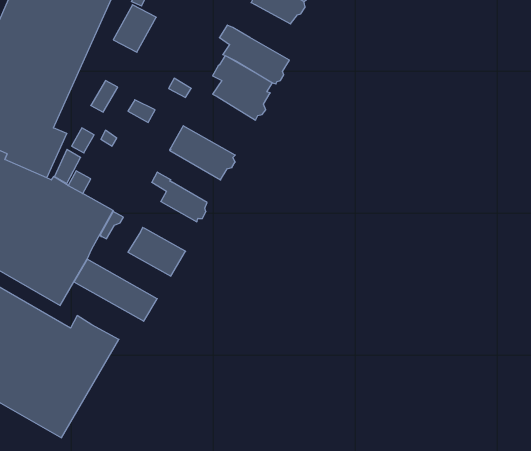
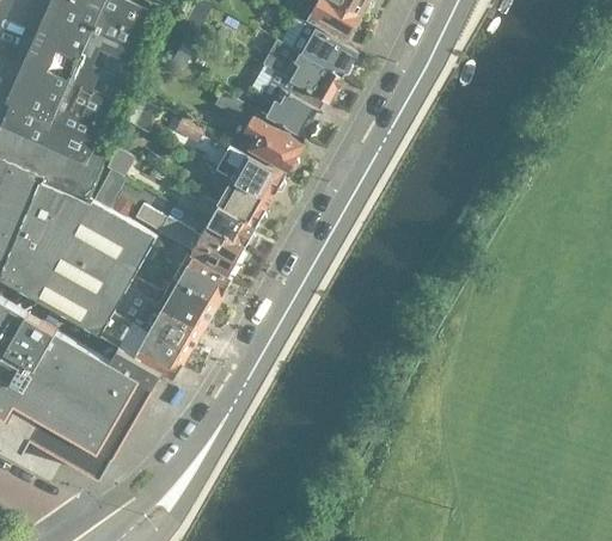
building: none -> [279,16,353,74]
building: none -> [234,112,300,170]
building: none -> [206,170,265,225]
building: none -> [131,201,241,273]
building: none -> [124,273,213,326]
building: none -> [96,308,184,376]

